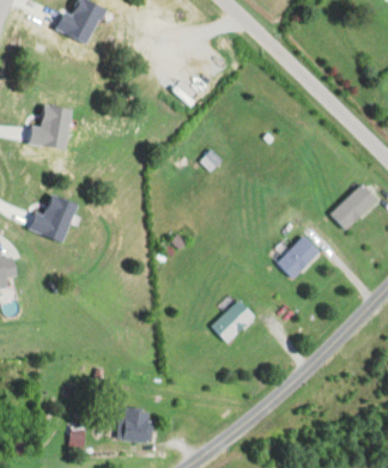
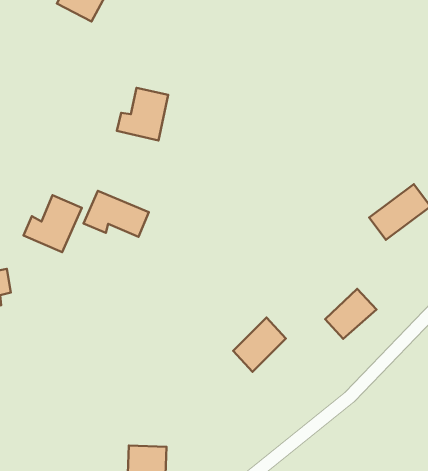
building: [30,104,74,150] -> [117,88,168,141]
building: none -> [84,191,149,237]
building: [277,235,321,278] -> [325,289,377,339]

